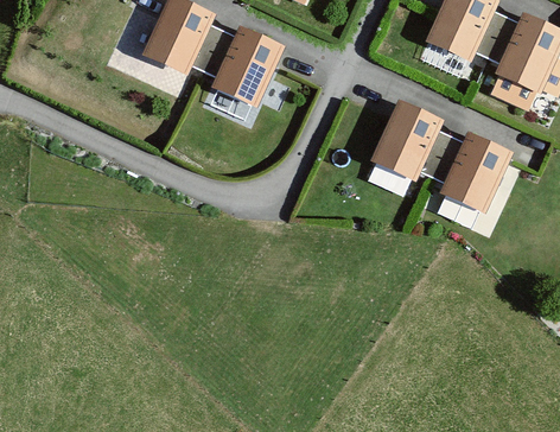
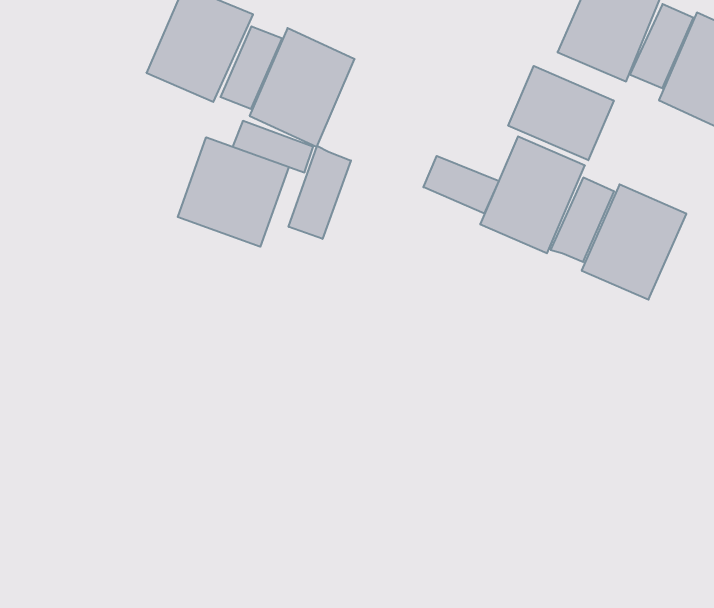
building: none -> [508,66,614,160]
building: none -> [178,137,289,247]
building: none -> [289,146,351,239]
building: none -> [423,156,499,213]

